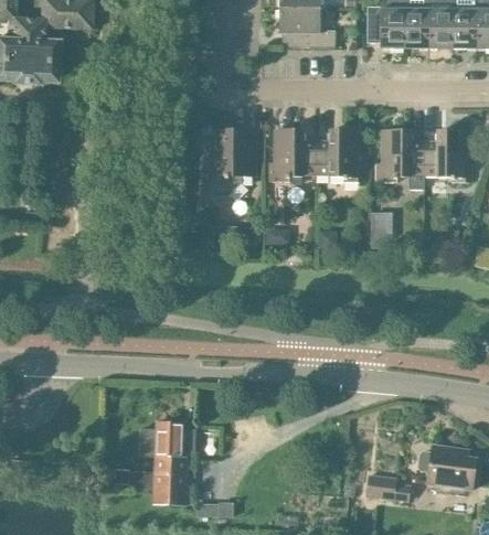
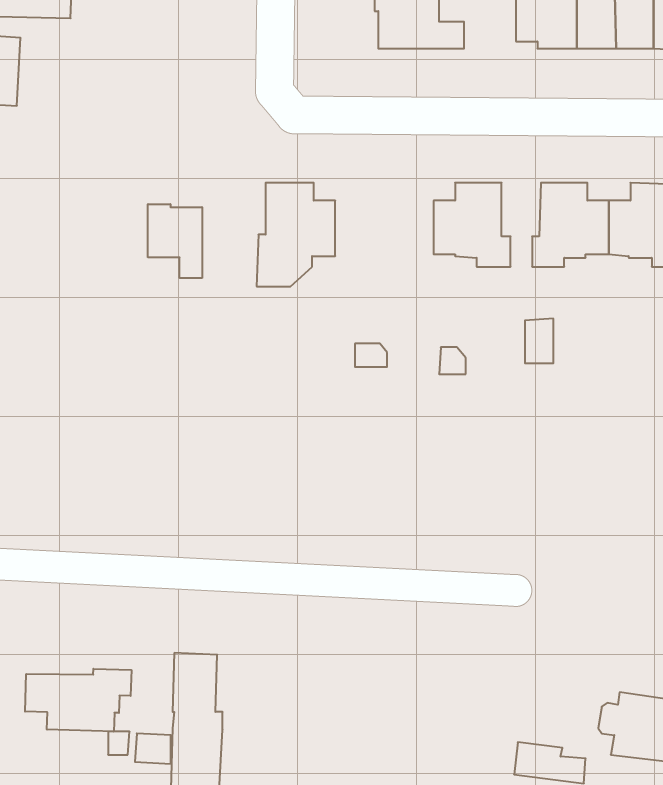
building: [268,129,316,180] -> none
building: none -> [148,204,202,278]
building: none -> [25,669,131,732]

